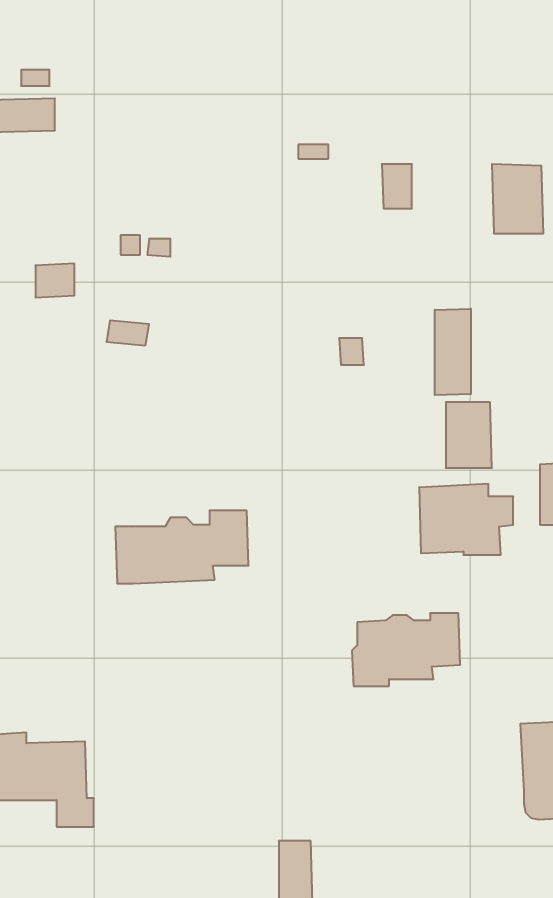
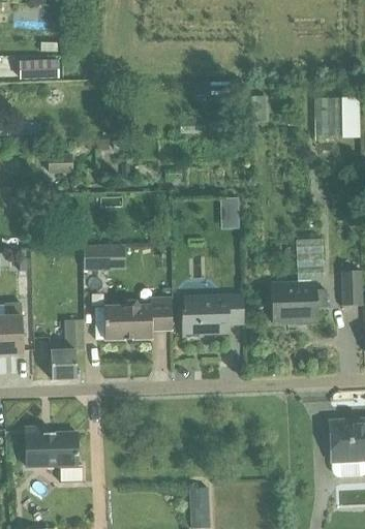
building: [435,309,471,395] -> none
building: none -> [83,246,124,271]
building: none -> [51,319,78,379]
building: [352,613,460,686] -> [181,294,244,337]

